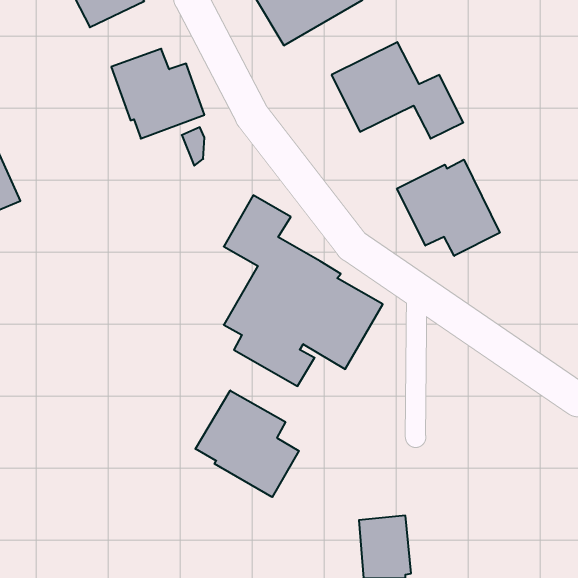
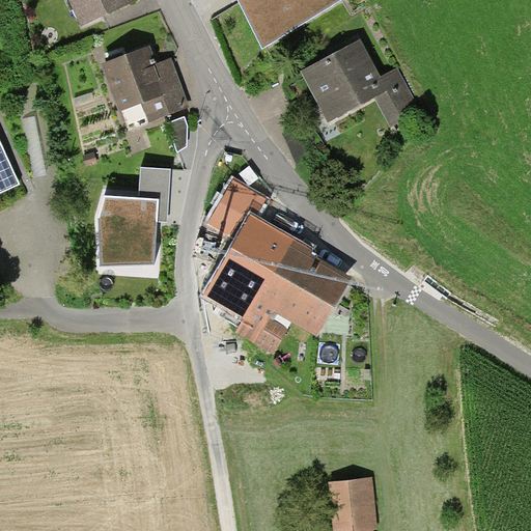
building: [397,160,500,256] -> none
building: none -> [96,167,169,268]
building: [195,390,299,497] -> none

